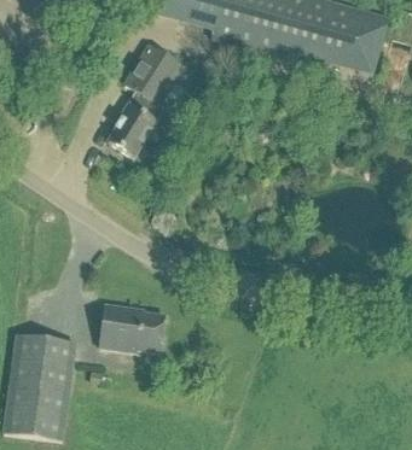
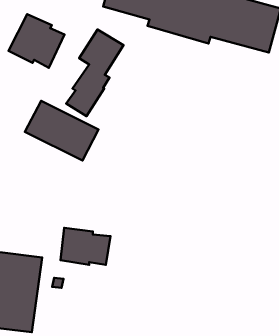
building: none -> [8,14,64,68]
building: none -> [25,101,99,161]

